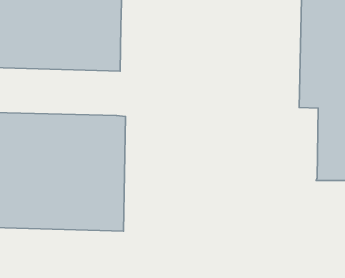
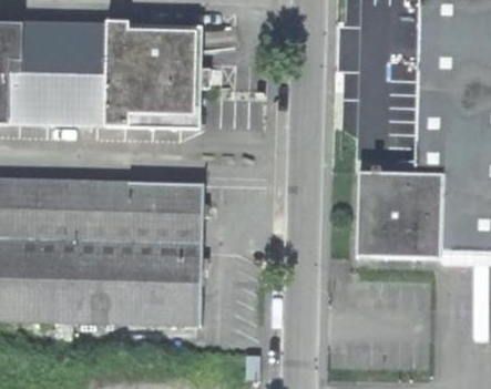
building: none -> [358,162,439,259]

